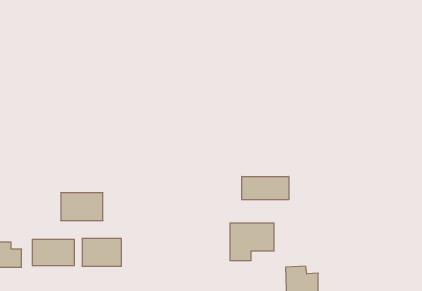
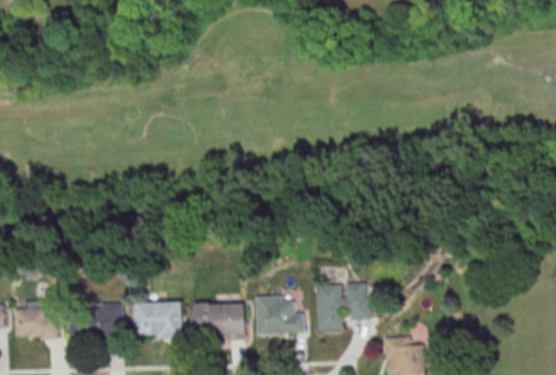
building: [242,176,289,200] -> none
building: [61,193,103,221] -> [192,302,244,337]
building: none -> [257,301,302,331]

